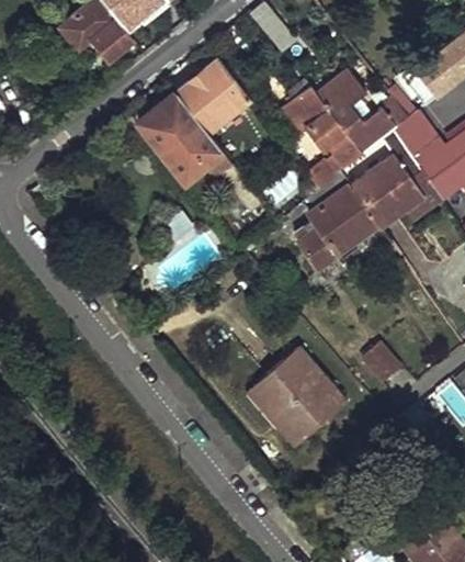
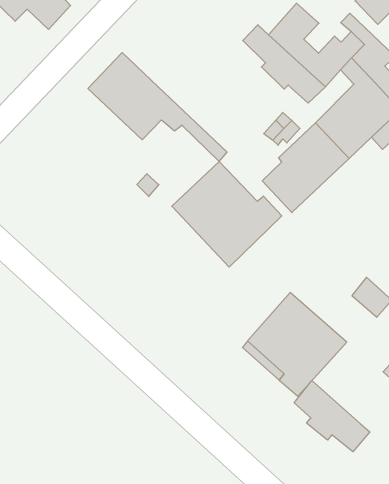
building: [175,60,248,132] -> none
building: none -> [172,161,282,267]
building: none -> [294,381,370,452]

